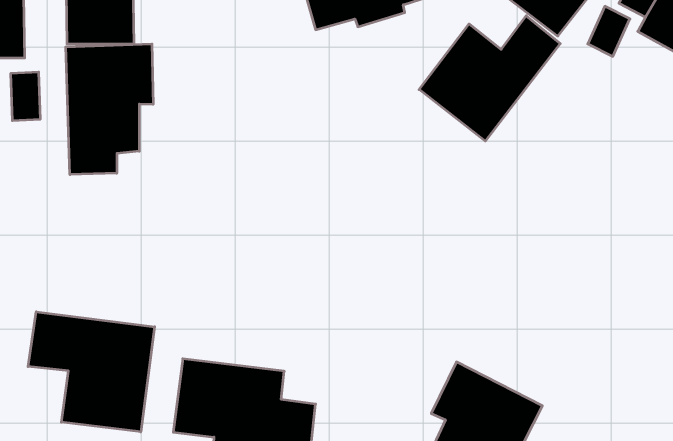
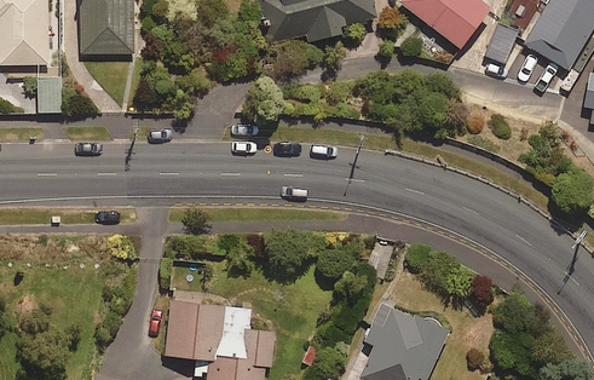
building: [419,16,560,141] -> none
building: [66,44,153,175] -> none
building: [28,312,155,432] -> none

